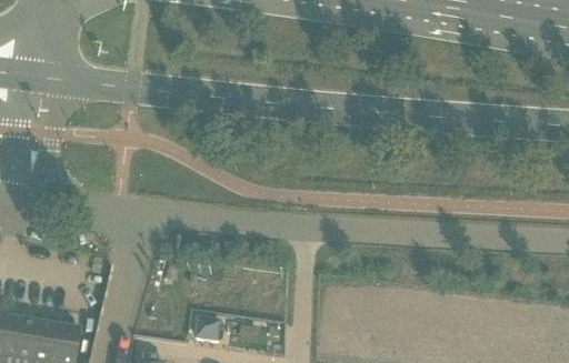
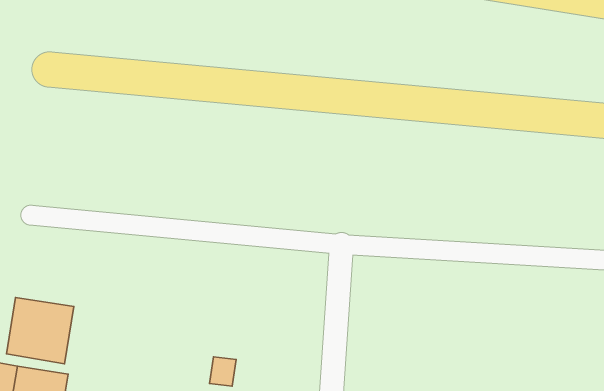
building: none -> [6,298,74,364]

